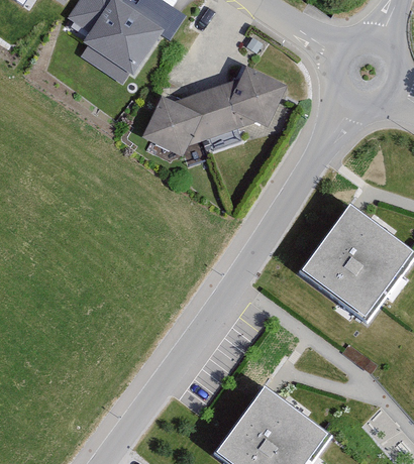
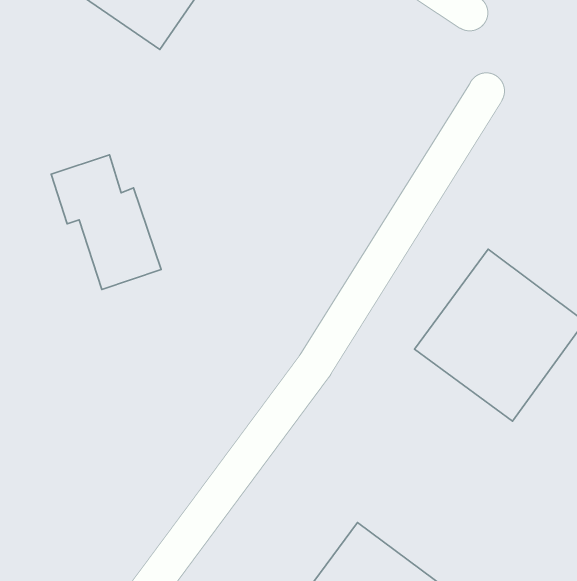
building: [141,73,286,161] -> none
building: none -> [51,155,161,290]

